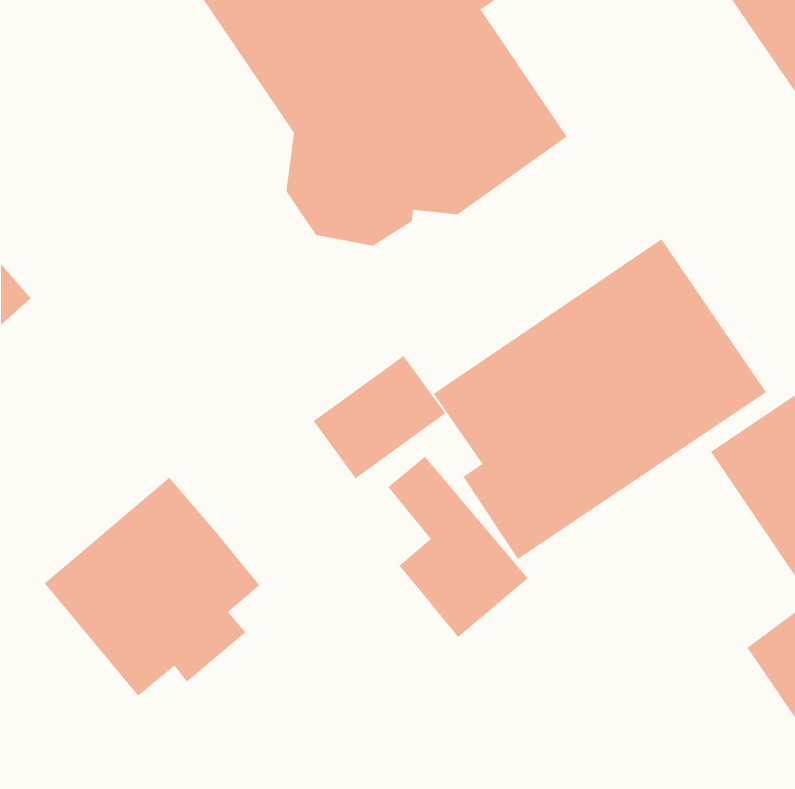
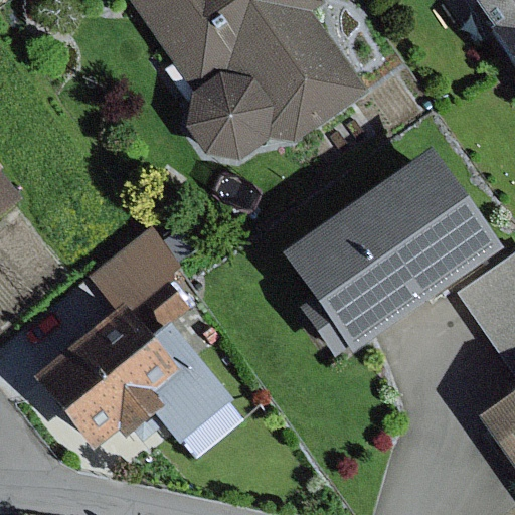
building: [313,355,446,479] -> [95,226,180,306]
building: [387,456,529,638] -> [144,322,234,439]

